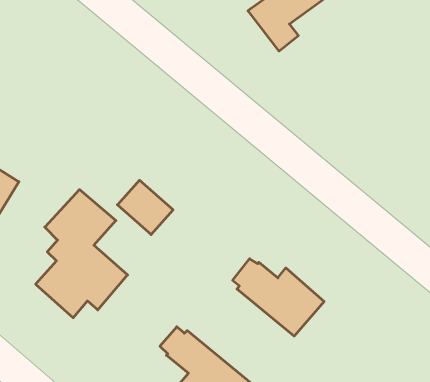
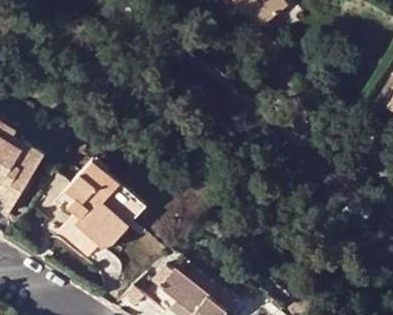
building: [117,180,173,235] -> [103,183,146,225]
building: [233,259,324,336] -> none

